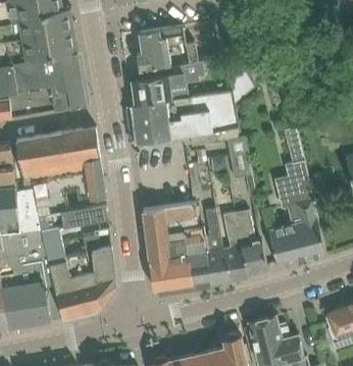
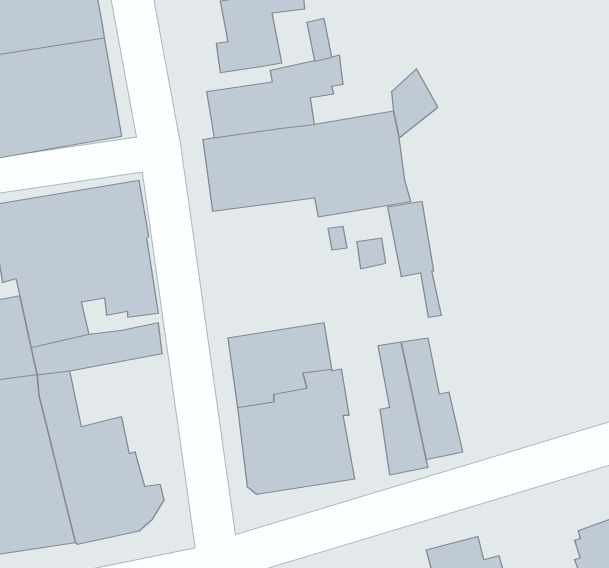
building: [267,126,325,268] -> none
building: [203,208,228,284] -> none
building: [82,234,115,296] -> none

